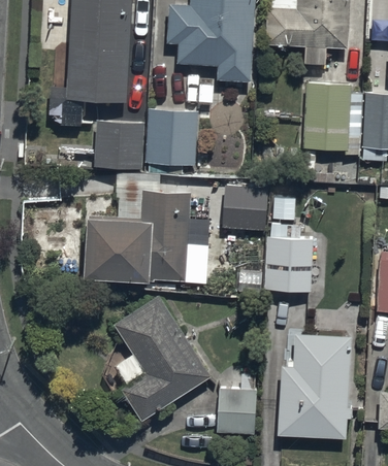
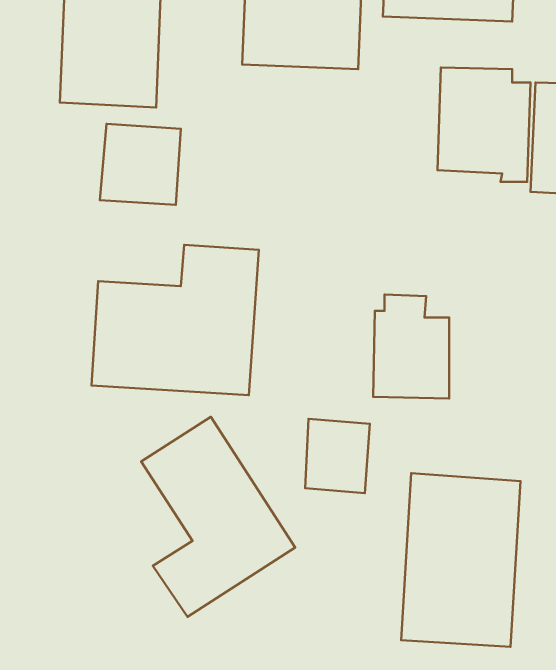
building: [143,104,196,172] -> none
building: [220,185,264,231] -> none
building: [215,384,255,430] -> [305,419,370,493]

